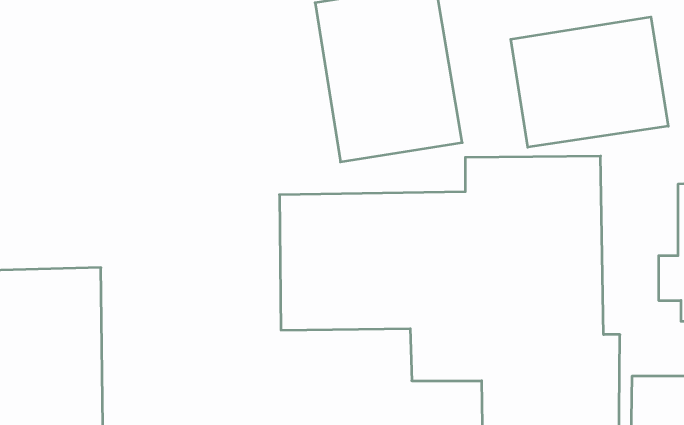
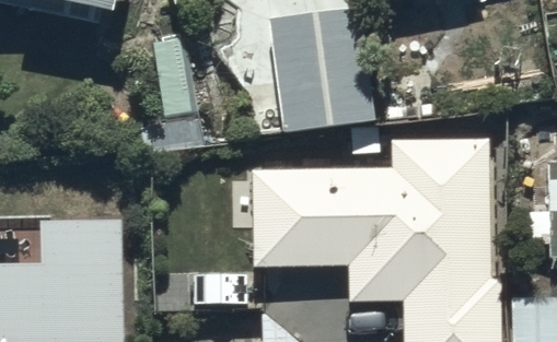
building: [511,17,668,147] -> none

